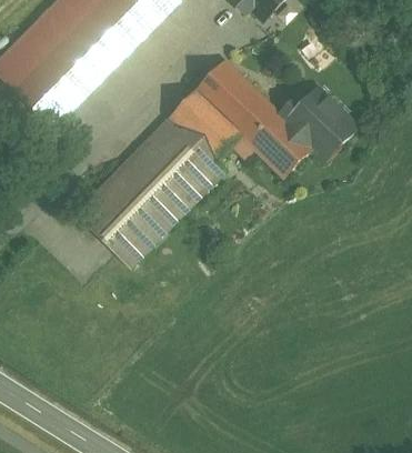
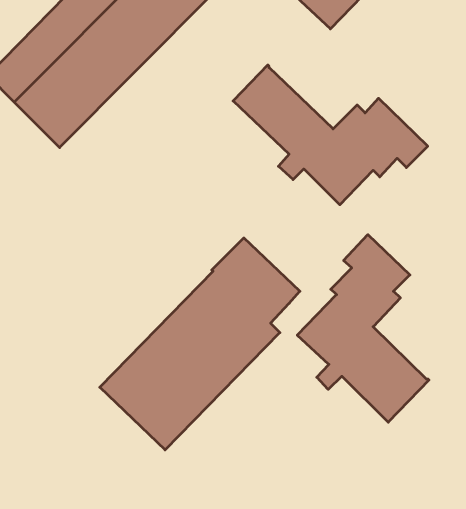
building: [77,88,243,264] -> [100,238,300,450]
building: none -> [297,235,429,422]

